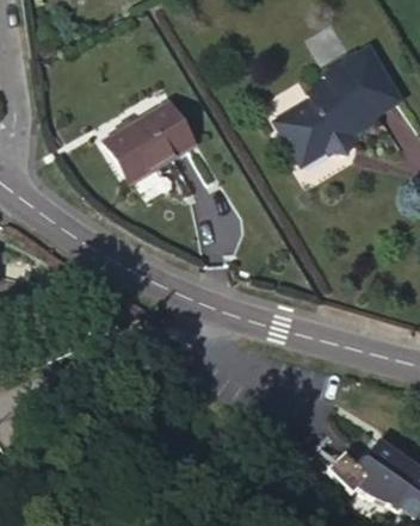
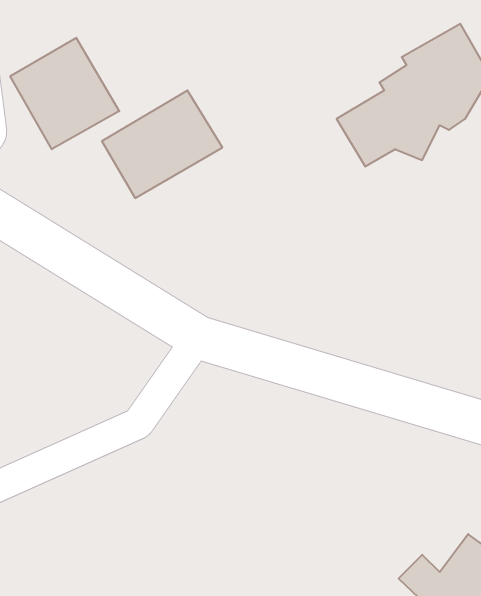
building: none -> [10,38,119,149]

